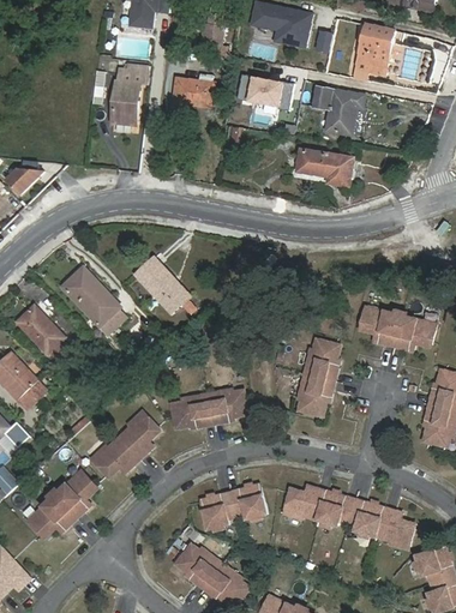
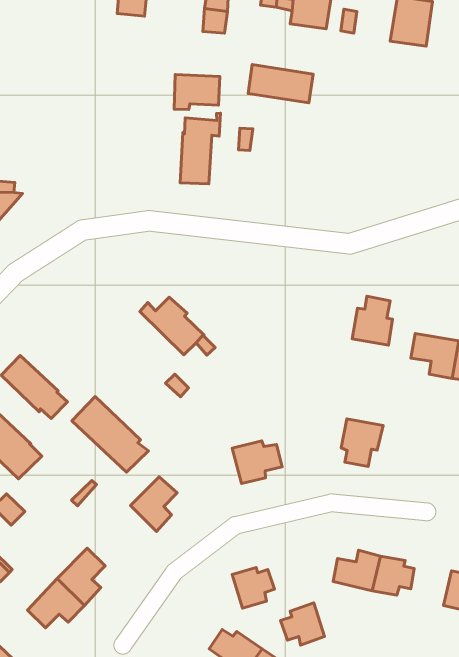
building: [110,66,148,125] -> [180,113,221,184]
building: [313,86,364,134] -> none
building: [296,149,353,185] -> none
building: [62,269,125,333] -> [72,397,148,472]
building: [302,339,337,381] -> [352,296,393,345]
building: [170,393,211,427] -> none
building: [92,437,138,475] -> none
building: [229,483,265,518] -> [281,603,325,645]
building: [348,501,383,535] -> none

